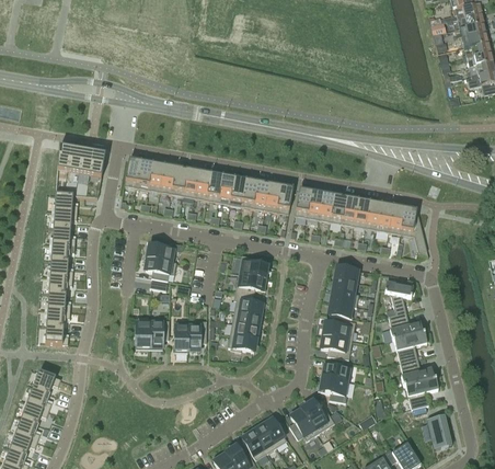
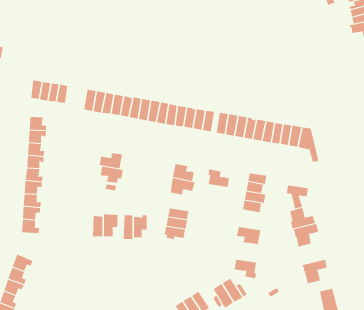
building: [233,290,262,314] -> [208,169,230,188]
building: [322,317,355,339] -> none
building: [400,356,435,384] -> none
building: [319,358,349,380] -> none

